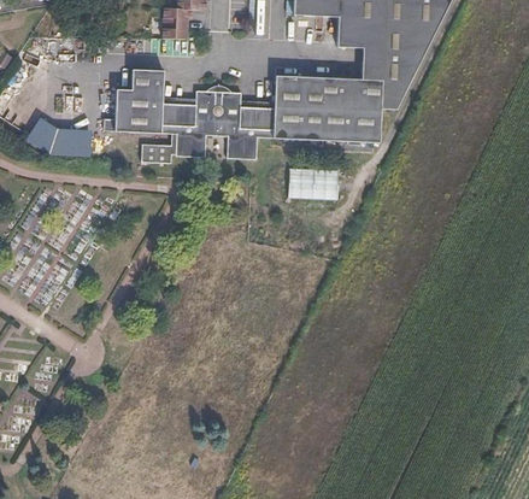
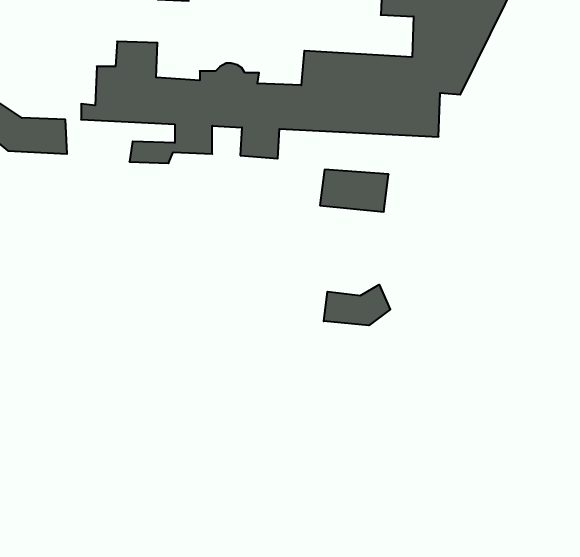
building: none -> [324,285,390,325]

